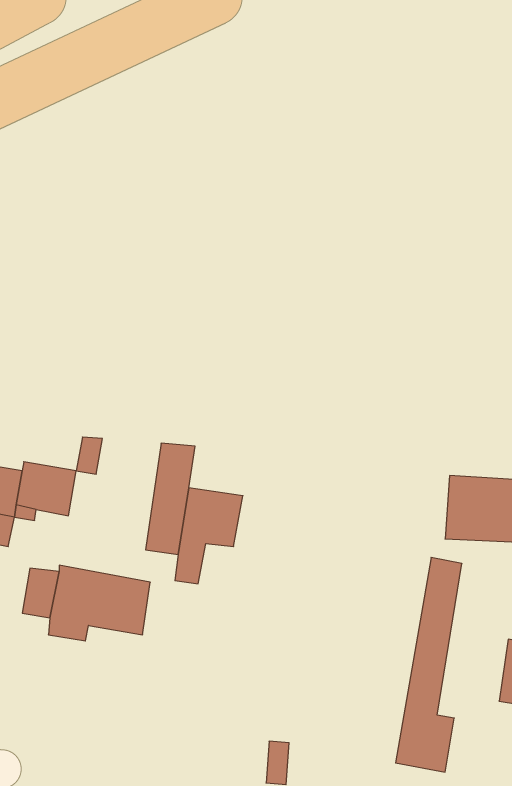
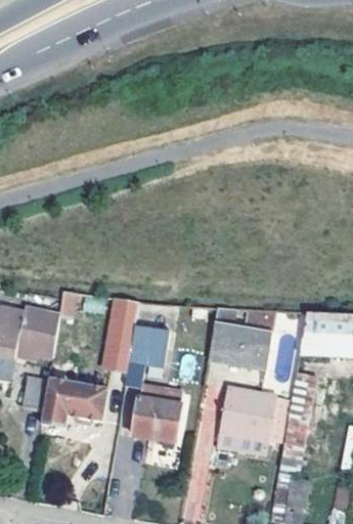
building: none -> [209,319,271,363]
building: none -> [216,387,285,456]
building: none -> [133,390,184,442]

